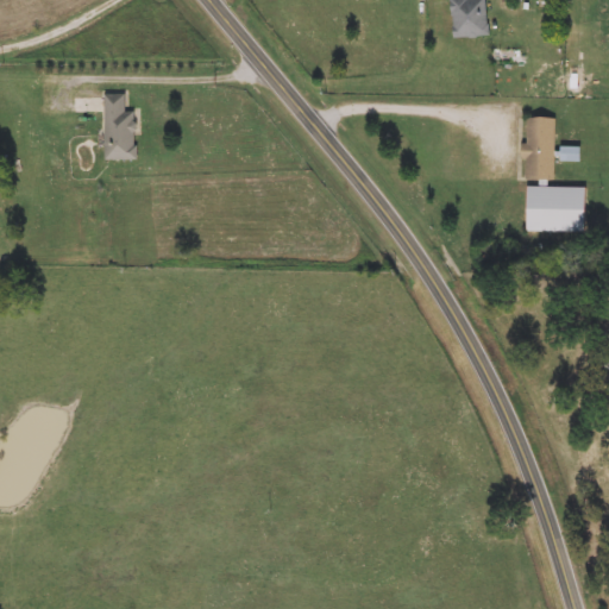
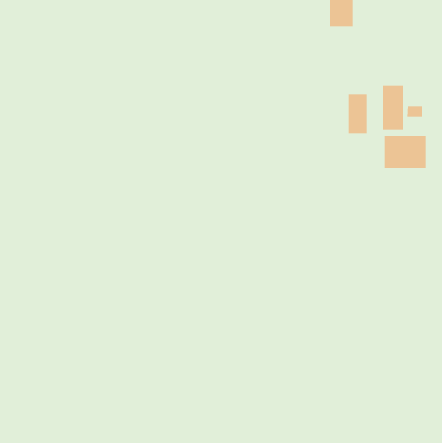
building: [103,93,134,159] -> none
building: none -> [348,94,367,134]

